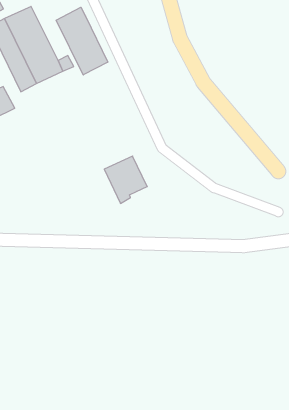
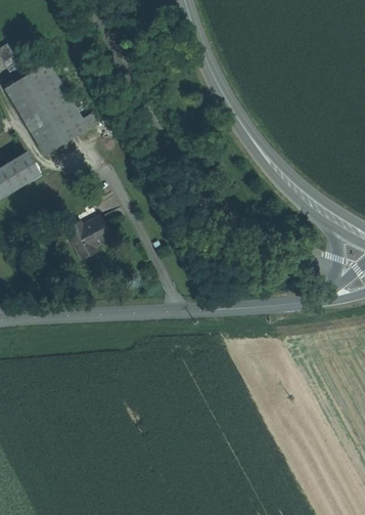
building: [56,7,108,75] -> none
building: [104,156,147,203] -> [64,206,112,258]

